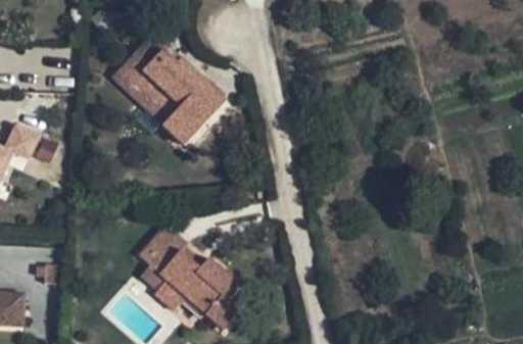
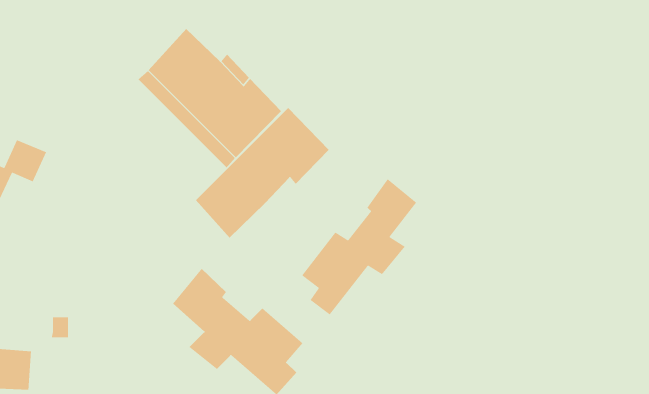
building: none -> [195,107,329,239]
building: none -> [301,178,417,315]

